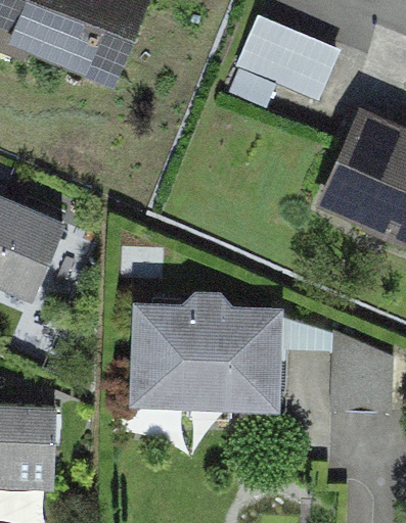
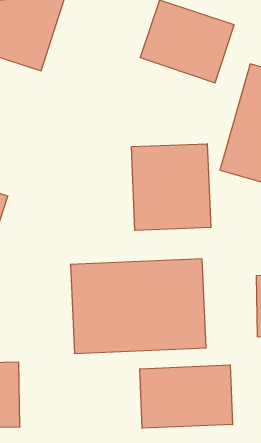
building: none -> [131,144,211,230]
building: none -> [140,365,232,428]

